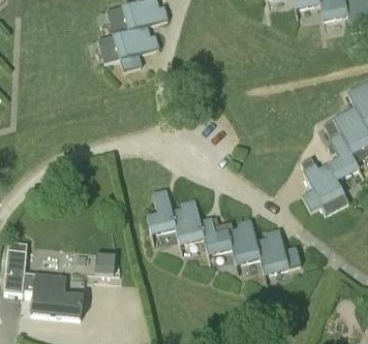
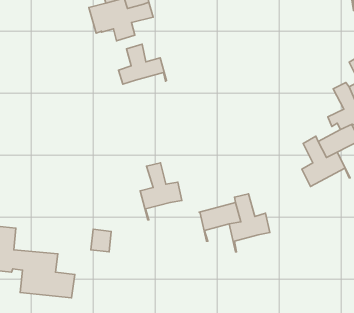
building: none -> [118,44,167,84]
building: [175,198,218,254] -> none
building: [259,229,301,285] -> none

